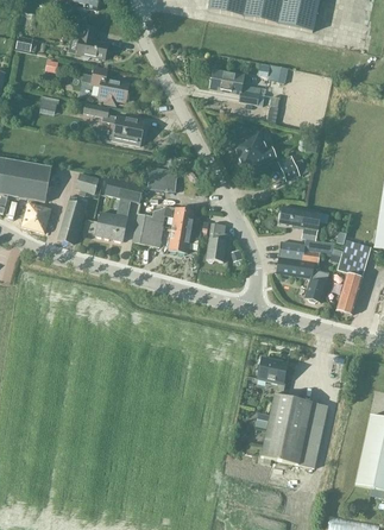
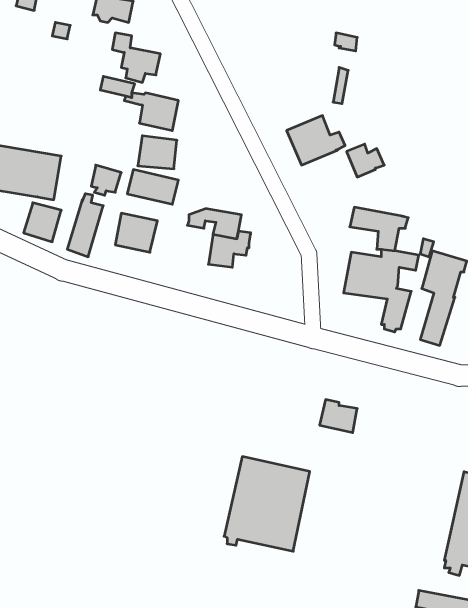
building: [210,68,262,105] -> none
building: [147,165,178,191] -> [138,136,177,169]
building: [132,213,165,246] -> none
building: [206,221,227,261] -> none
building: [260,393,328,468] -> [224,457,310,551]

